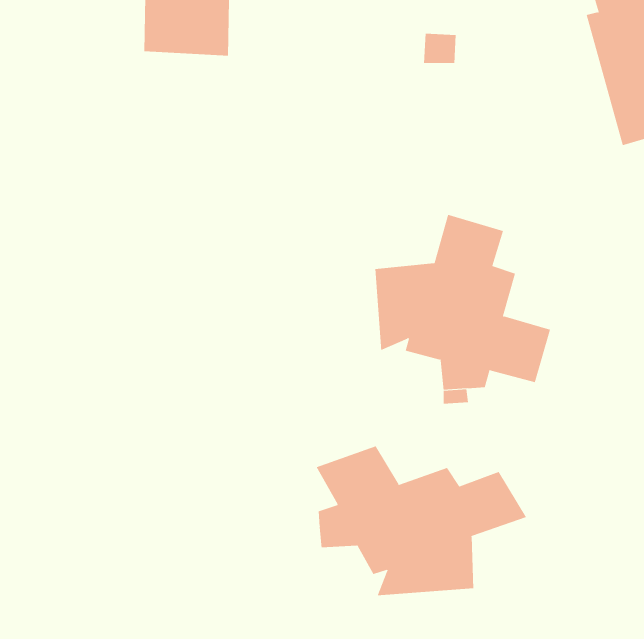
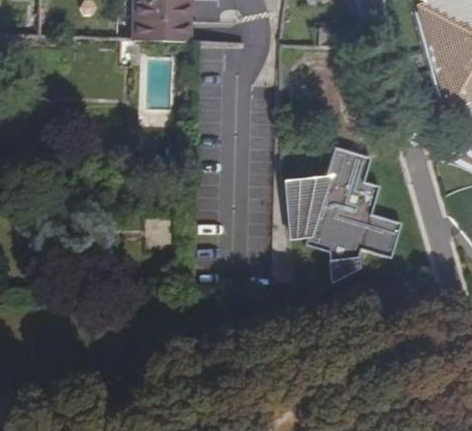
building: [316,446,527,596] -> none

